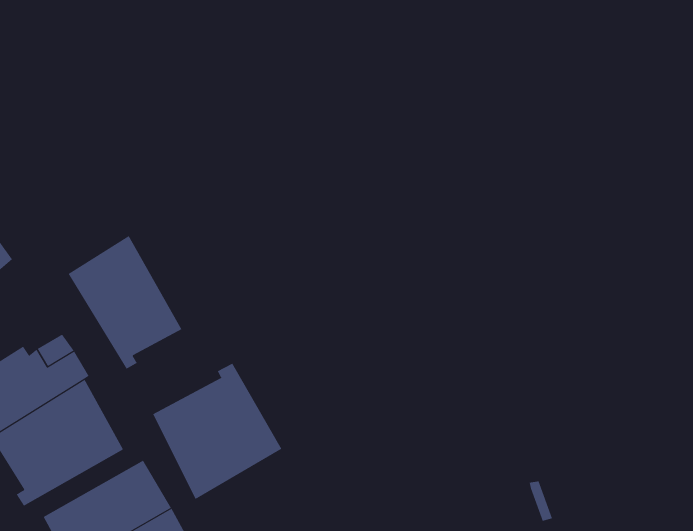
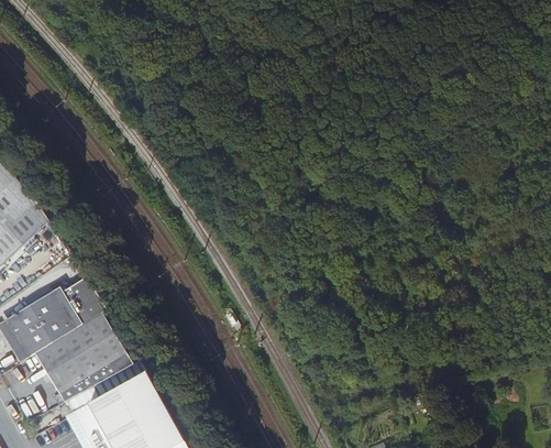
building: [68,235,182,369] -> none
building: [153,363,282,500] -> none

